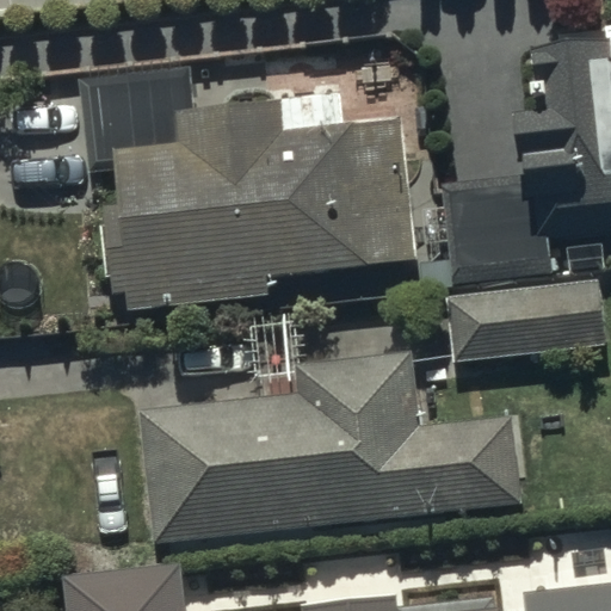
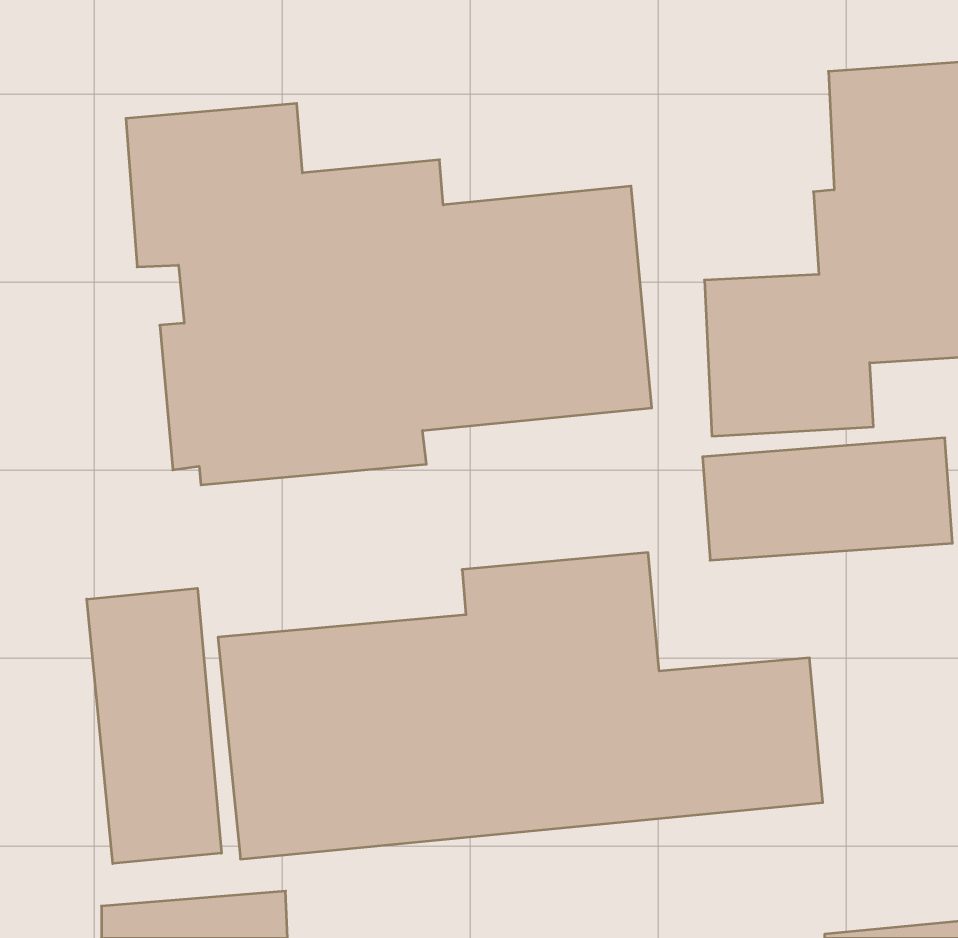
building: none -> [87,588,221,864]

